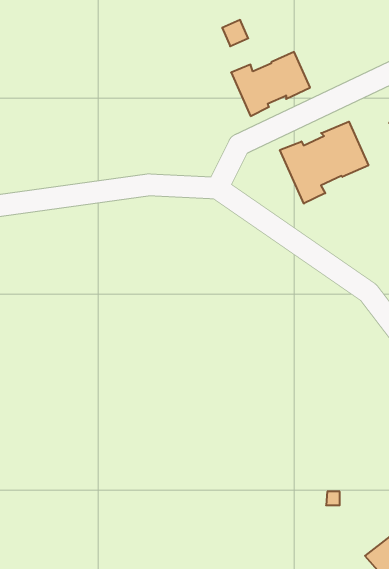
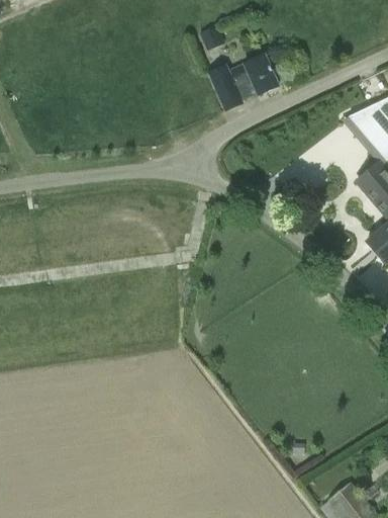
building: [280,122,368,204] -> none

